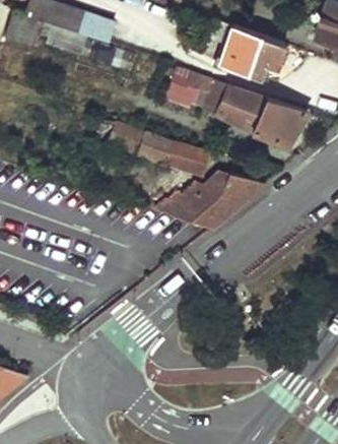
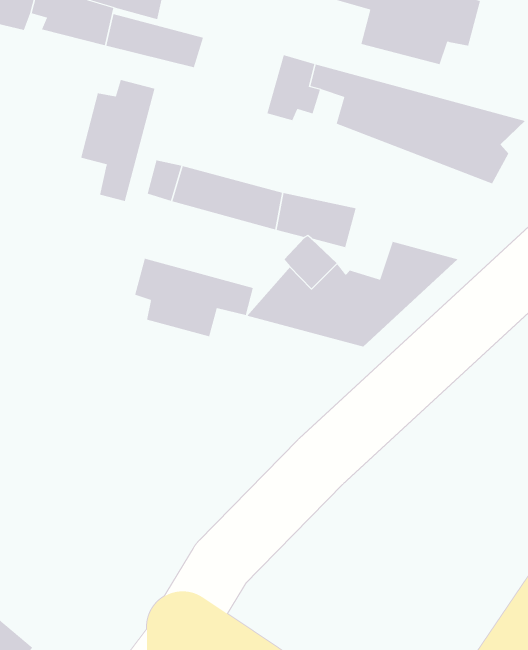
building: none -> [80,79,155,202]
building: none -> [134,258,254,337]

